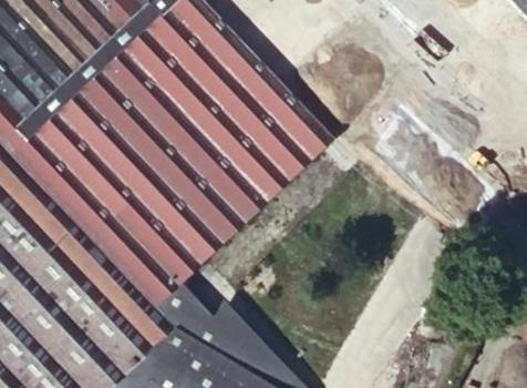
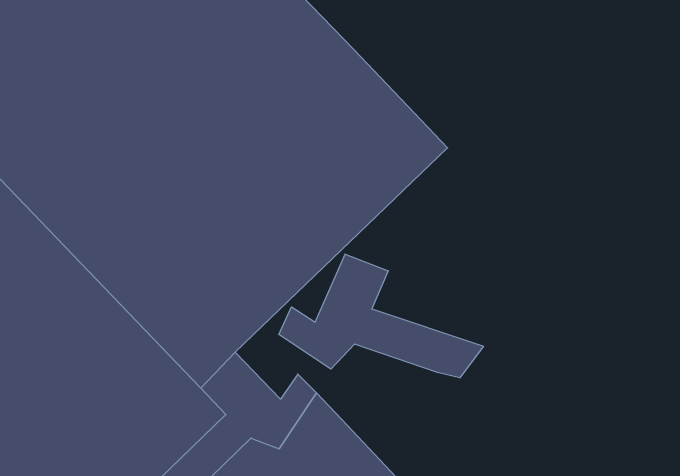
building: none -> [279,254,483,378]

